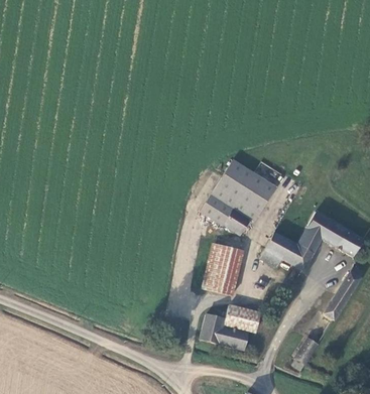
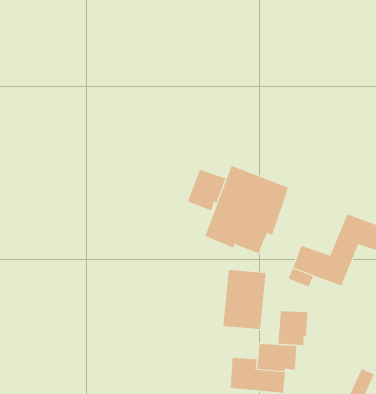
building: none -> [187,169,226,211]
building: none -> [278,311,308,346]

